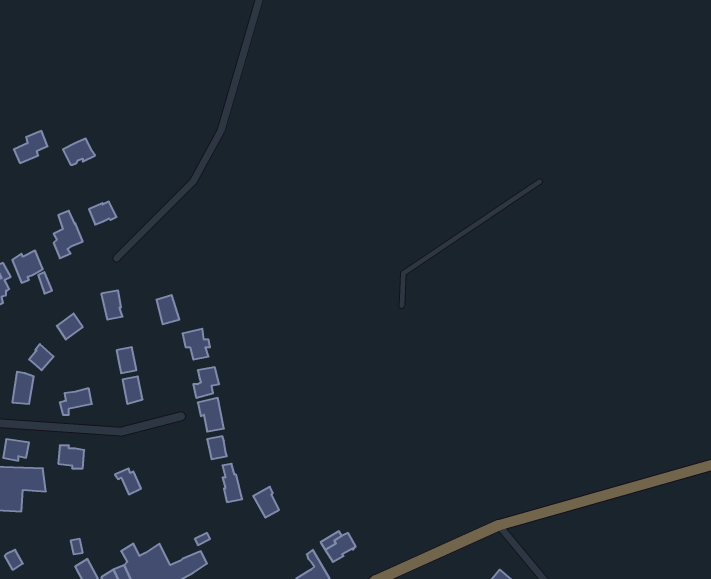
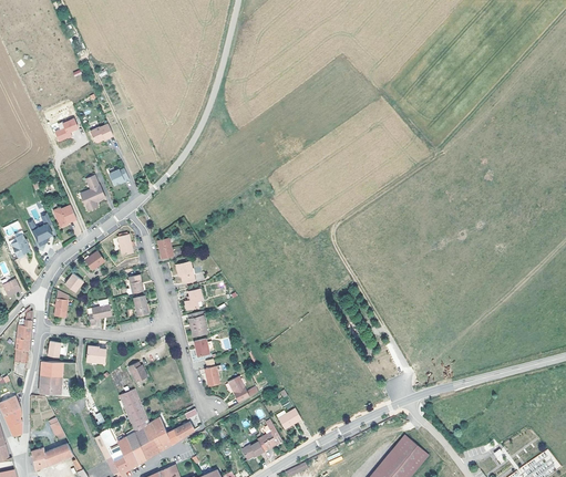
building: none -> [119,388,150,425]

